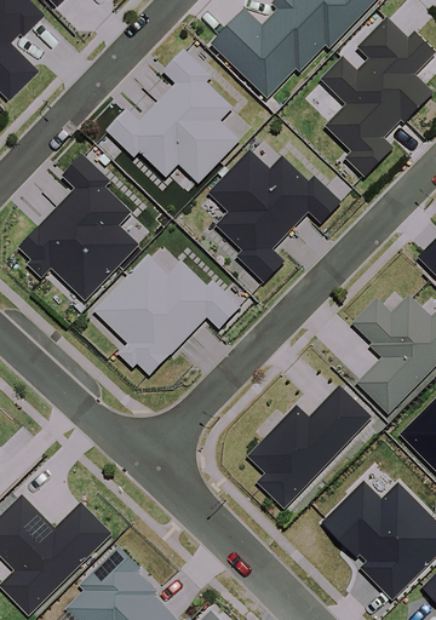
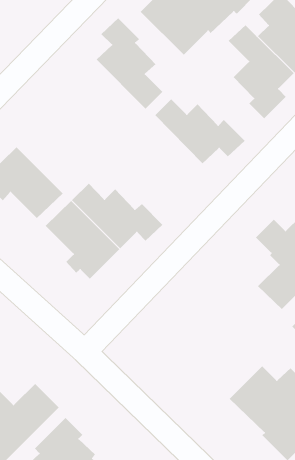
building: [107,102,218,183] -> none
building: [56,155,138,268] -> none
building: [207,171,288,281] -> none
building: [248,385,371,507] -> none

